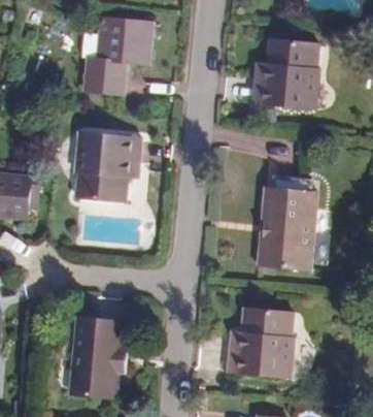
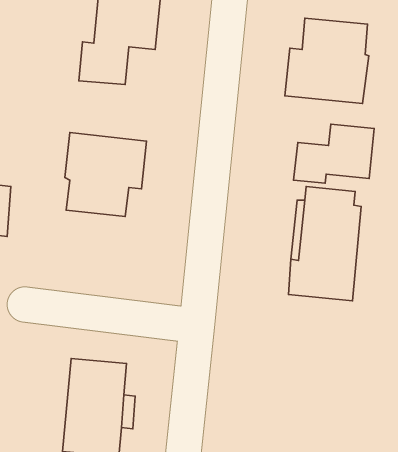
building: none -> [293,124,374,183]
building: [228,309,295,378] -> none

